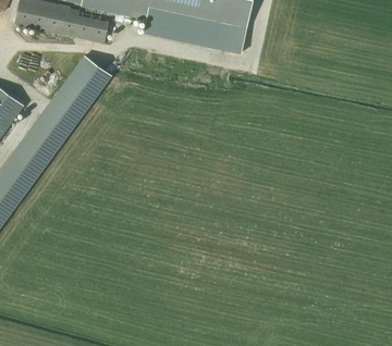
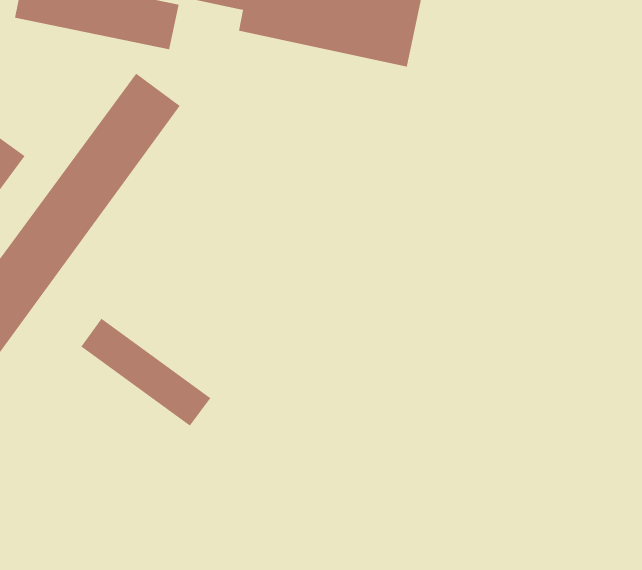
building: none -> [80,318,211,427]

